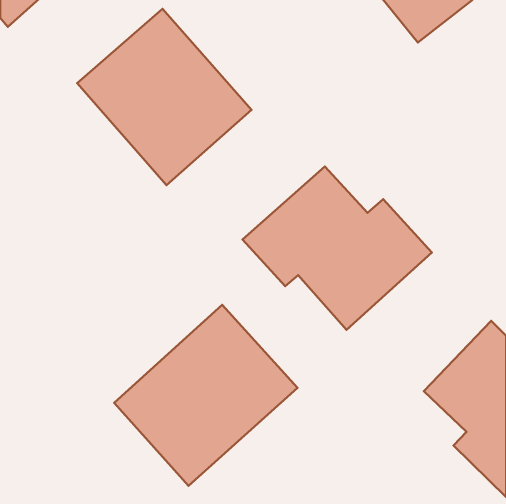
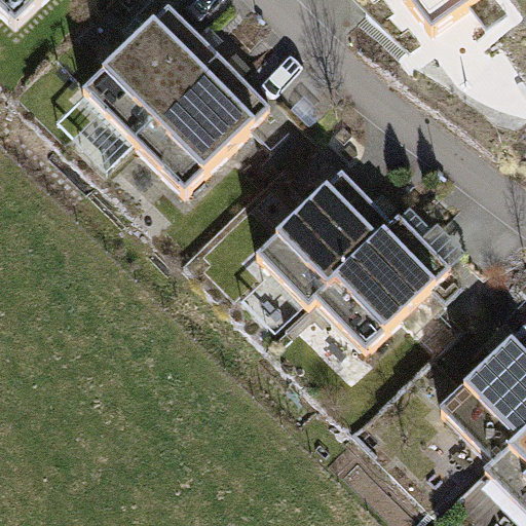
building: [114,305,297,486] -> none

